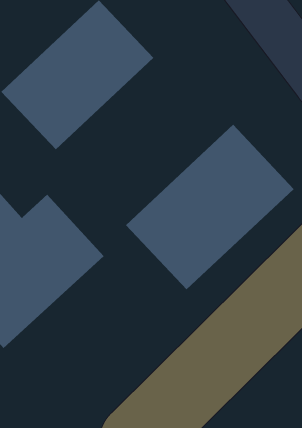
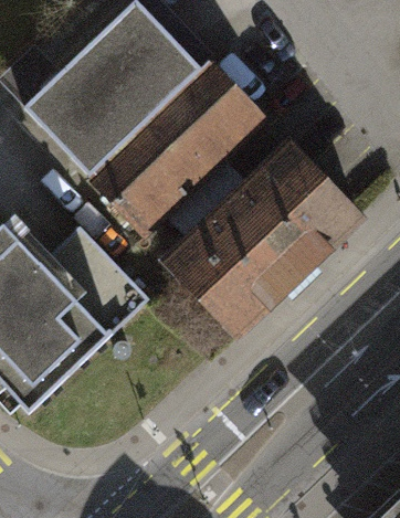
building: none -> [90,64,256,226]

